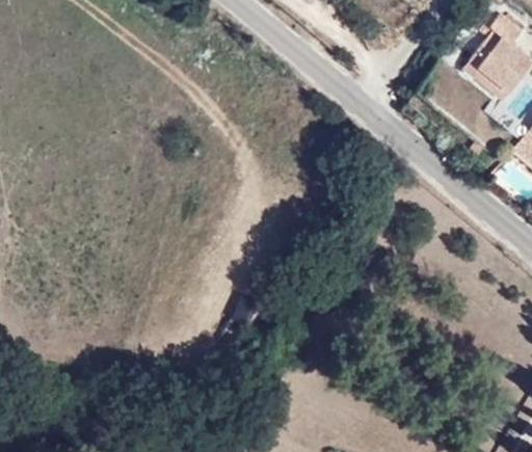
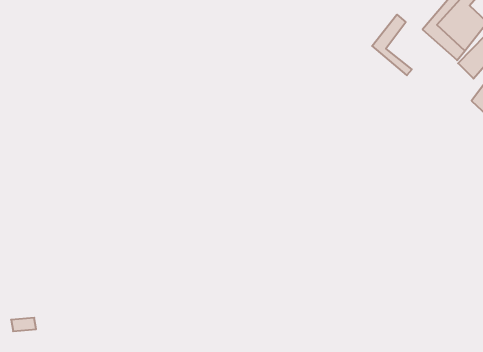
building: none -> [372,15,412,75]

